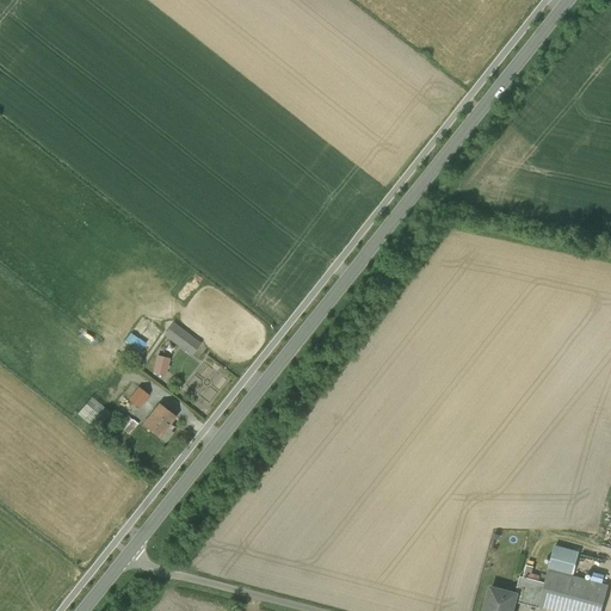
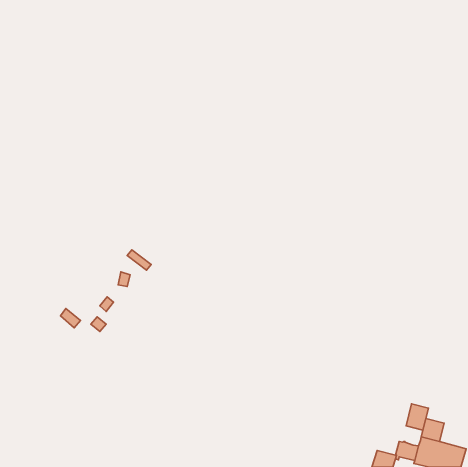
building: [143,402,175,436] -> none
building: none -> [406,404,428,430]

